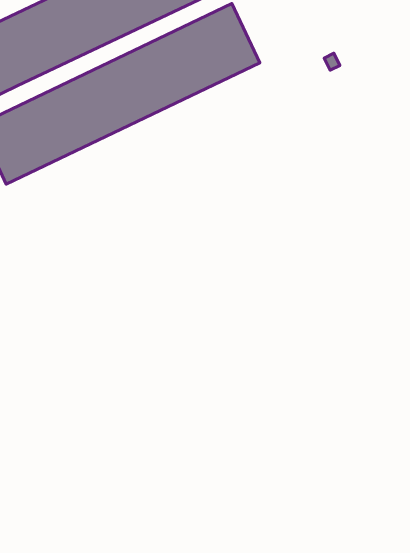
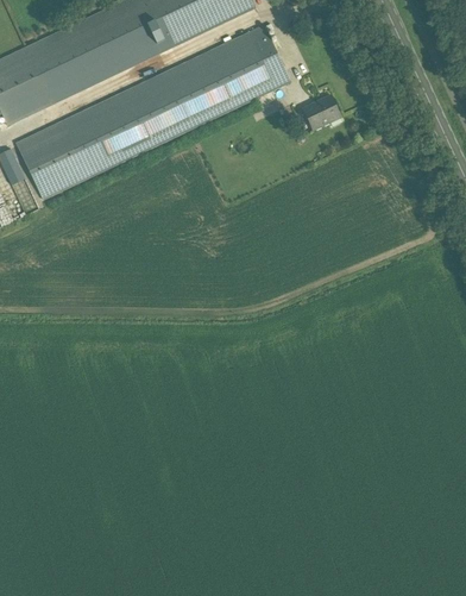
building: none -> [300,94,339,131]

